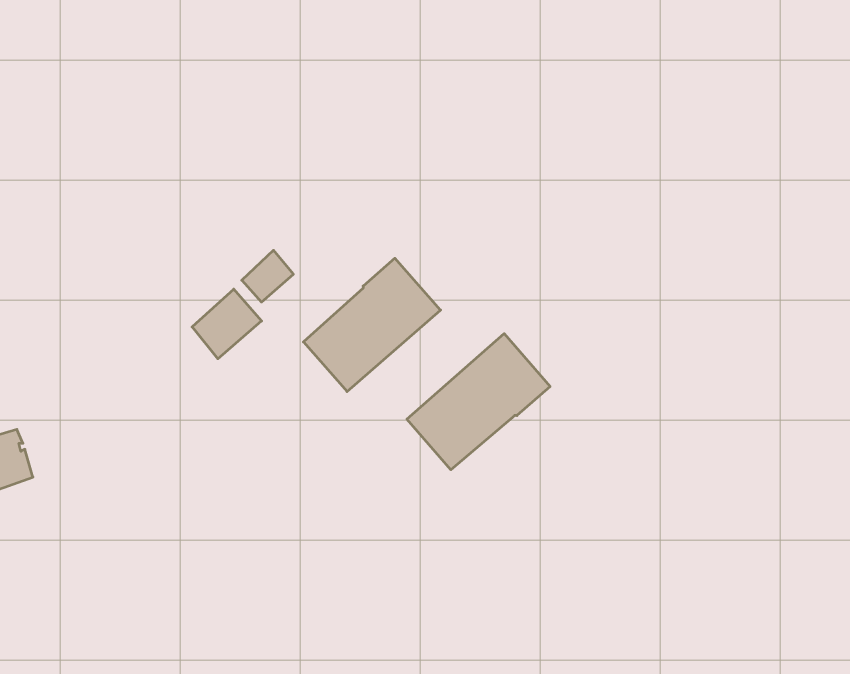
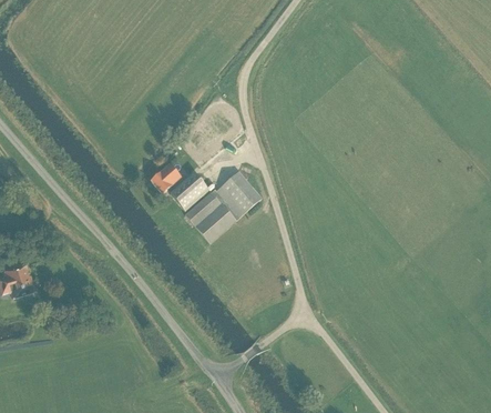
building: [192,289,262,359] -> [170,171,208,210]
building: [407,334,550,470] -> none

